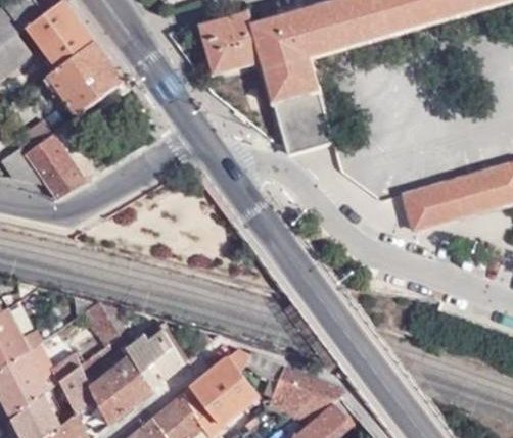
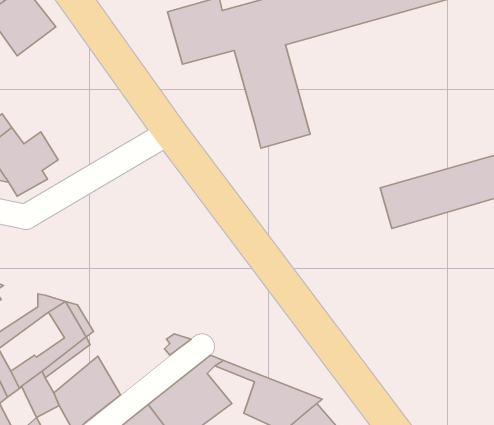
building: [45,39,120,114] -> none
building: [127,328,184,389] -> none

